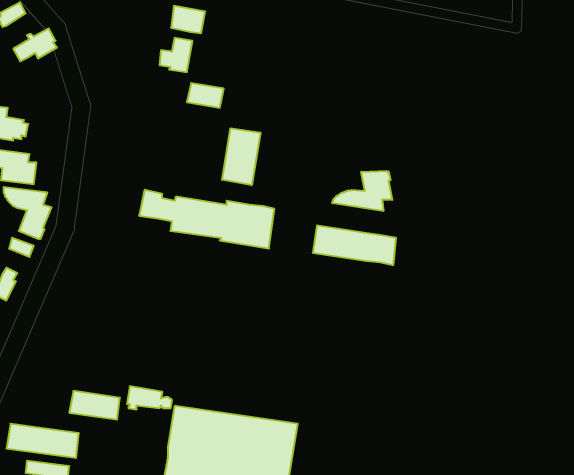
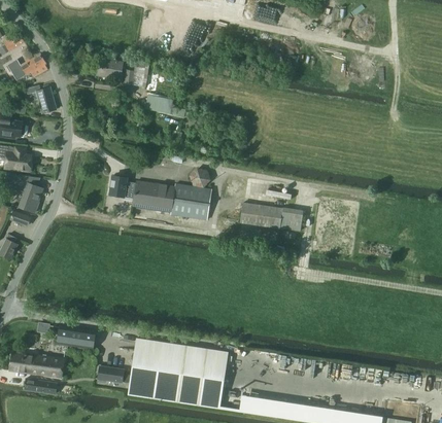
building: [171,6,205,33] -> [97,58,123,78]
building: none -> [32,86,56,113]
building: [222,128,261,185] -> none
building: [332,171,392,211] -> none
building: [127,386,172,409] -> [97,365,131,383]

